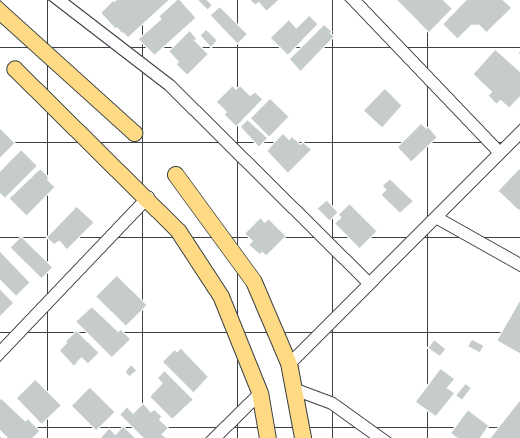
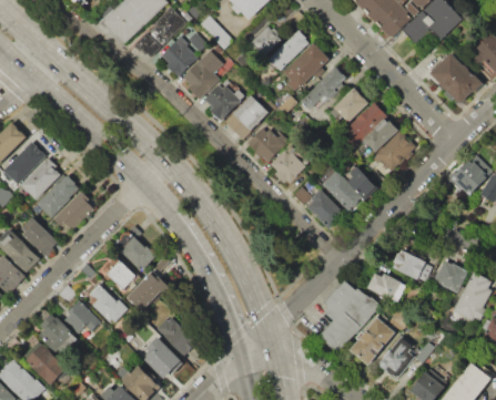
building: none -> [284,43,328,91]
building: none -> [182,49,223,98]
building: none -> [300,65,344,112]
building: none -> [347,101,385,143]
building: none -> [376,131,417,171]
building: none -> [318,166,362,211]
building: none -> [37,174,78,216]
building: [245,217,286,256] -> [270,148,306,183]
building: none -> [115,232,155,271]
building: none -> [389,246,433,283]
building: none -> [433,259,465,293]
building: none -> [366,273,399,299]
building: none -> [126,274,169,314]
building: none -> [321,277,375,348]
building: none -> [350,316,395,365]
building: [71,387,115,431] -> [40,317,79,356]

